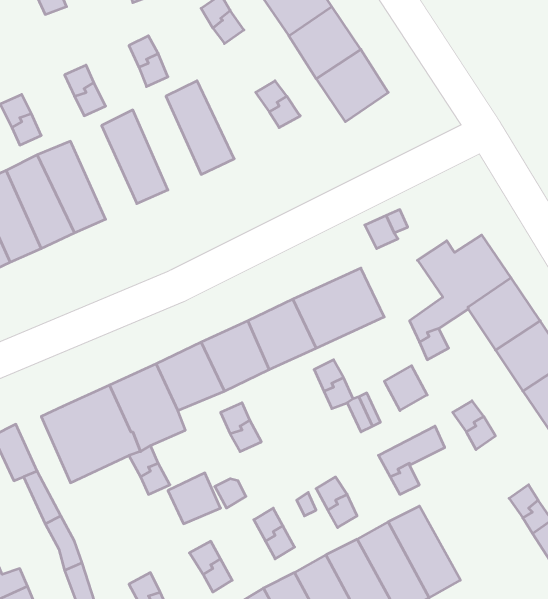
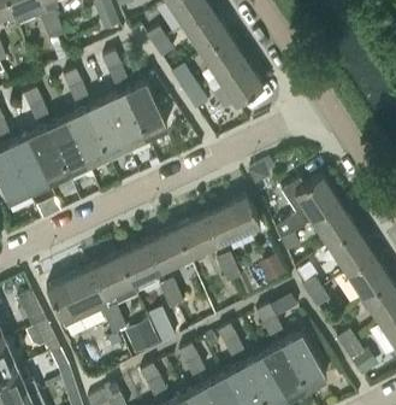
building: none -> [105,90,147,148]
building: none -> [66,108,107,166]
building: none -> [282,333,326,389]

